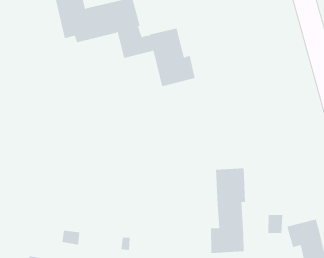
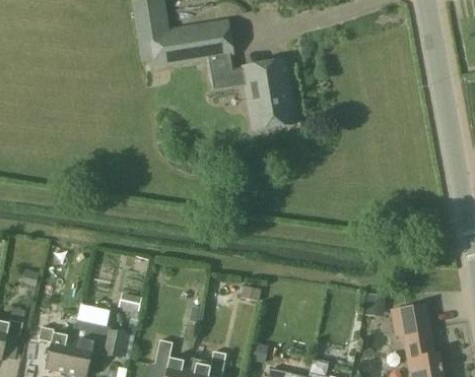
building: [210,167,246,254] -> none

